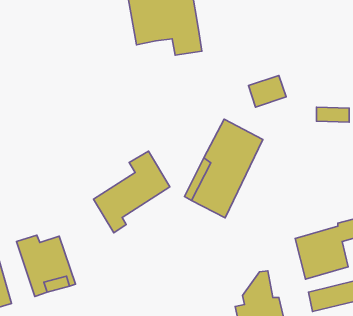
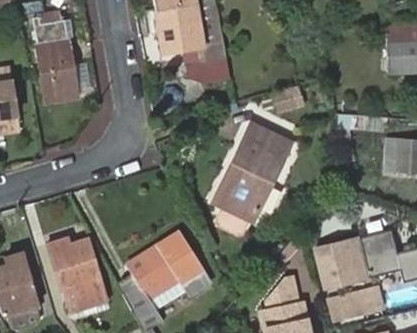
building: none -> [33,19,77,101]
building: none -> [182,48,230,86]
building: [94,151,170,233] -> [121,236,196,316]

